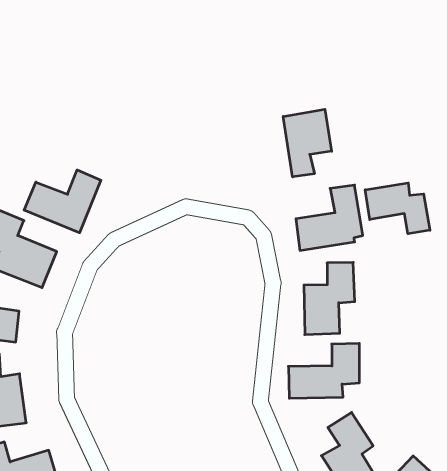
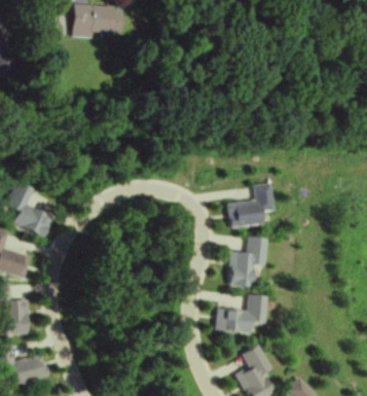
building: [283,109,332,177] -> none
building: [24,170,101,233] -> none
building: [365,183,430,234] -> none

